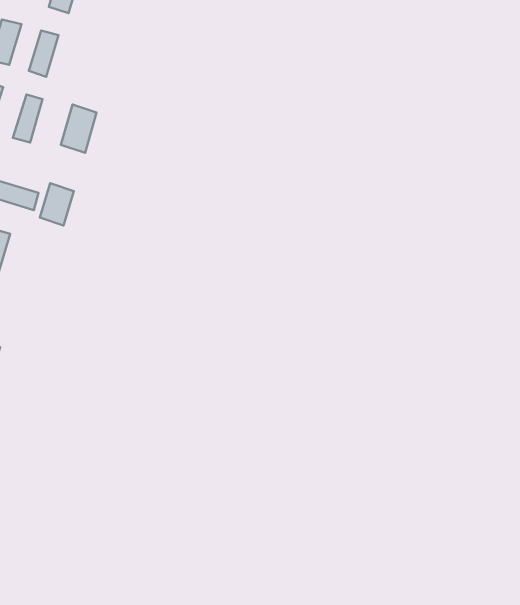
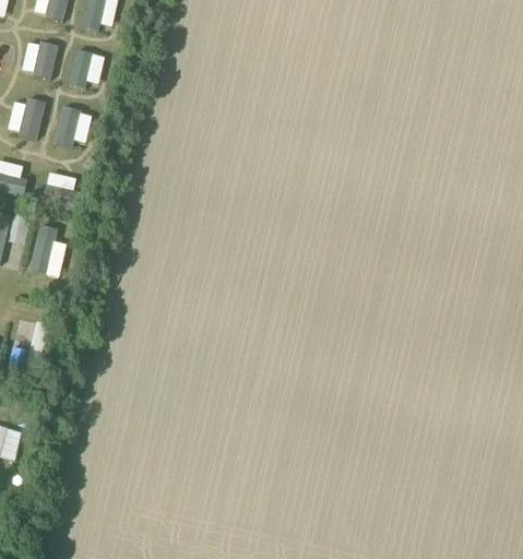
building: [61,104,97,153] -> none
building: [40,183,74,226] -> none

